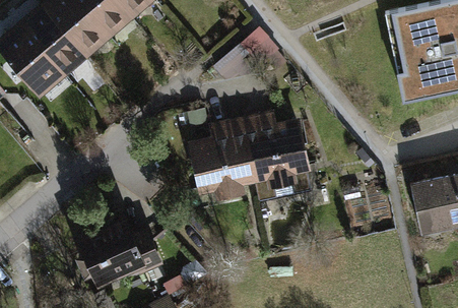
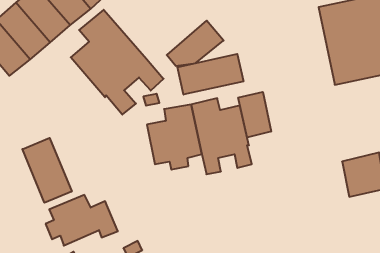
building: none -> [71,10,164,115]
building: none -> [177,54,243,95]
building: none -> [238,92,271,138]
building: none -> [22,138,72,203]

